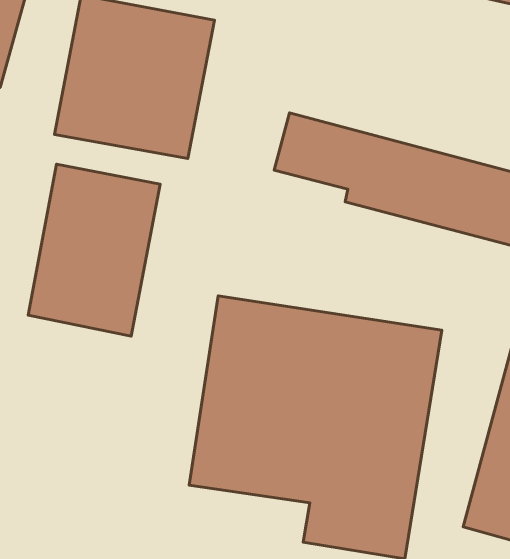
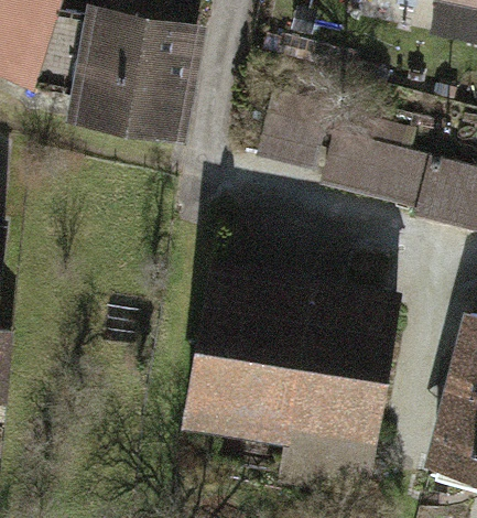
building: [28,164,160,336] -> none

